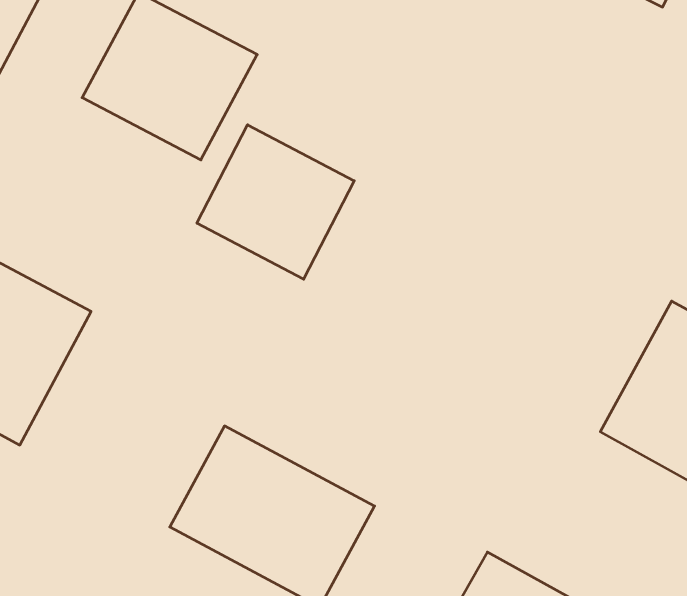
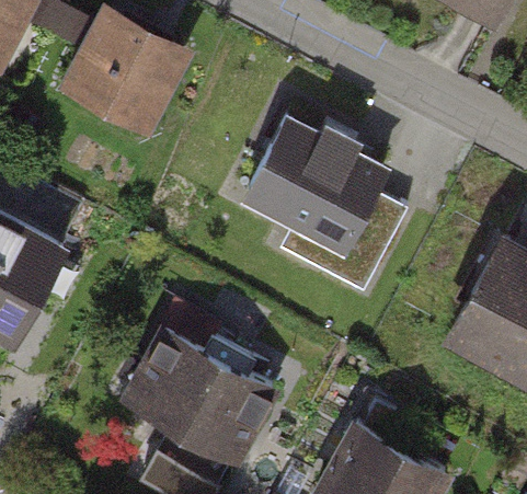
building: [197,125,354,279] -> none
building: none -> [250,120,408,294]

